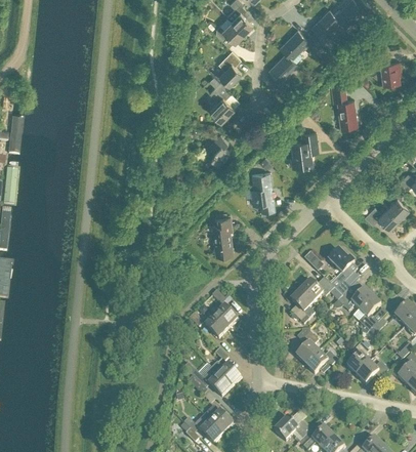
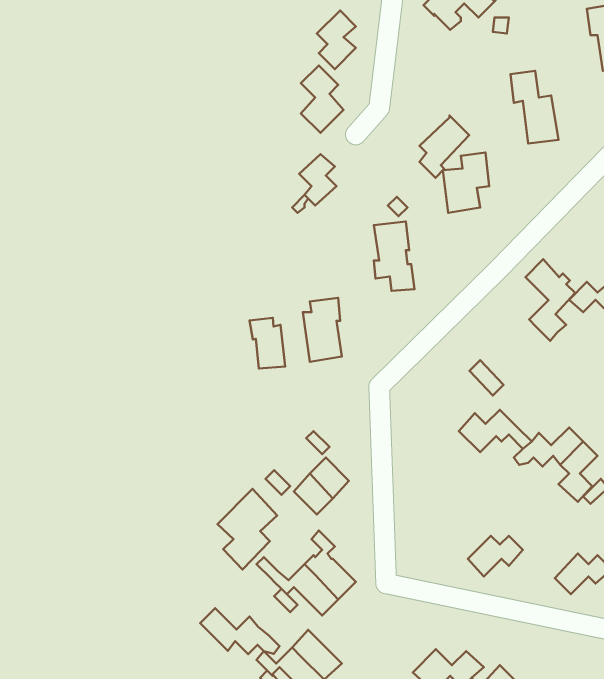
building: [268,49,297,85] -> [419,116,469,178]
building: none -> [250,318,285,369]
building: [328,249,357,296] -> [525,259,575,341]
building: [290,290,315,324] -> none
building: none -> [217,489,277,569]
building: [295,328,319,364] -> none
building: [346,342,369,375] -> none
building: none -> [200,608,279,654]

